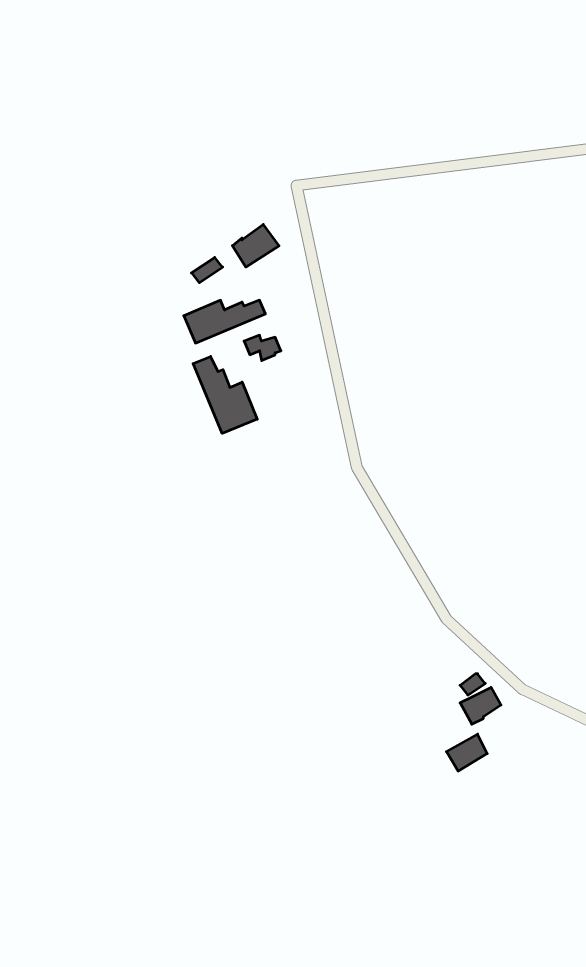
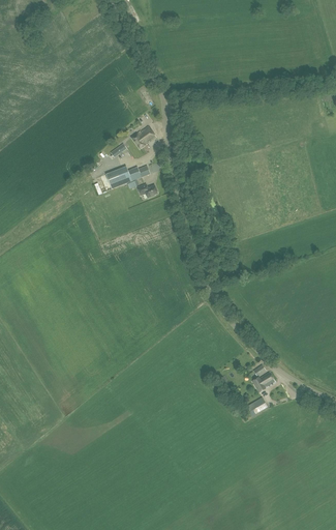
building: [193,356,257,433] -> none

